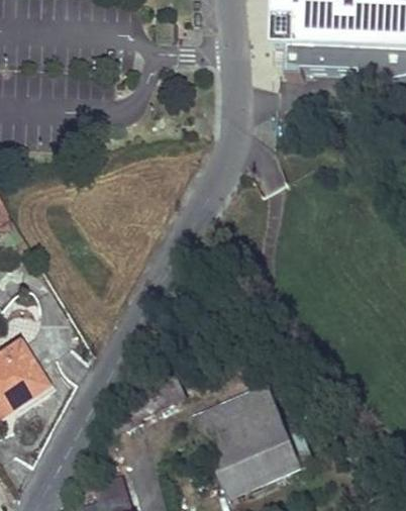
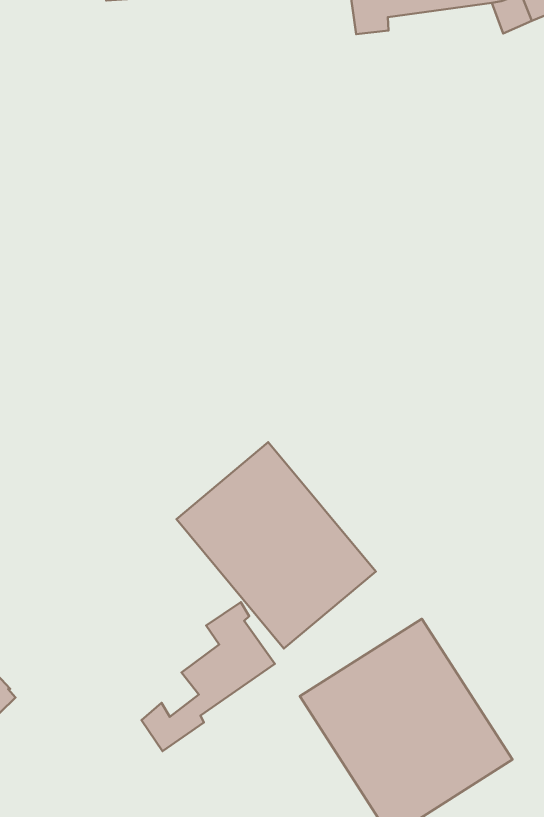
building: none -> [176,442,376,649]

